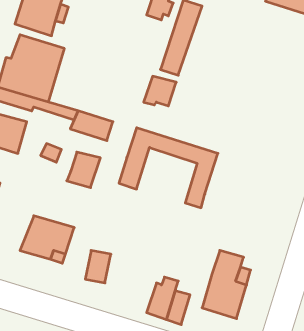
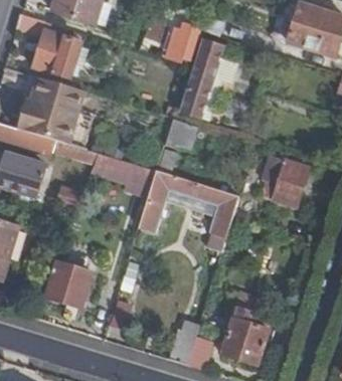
building: none -> [263,154,310,205]
building: [67,152,100,188] -> [123,164,157,200]

